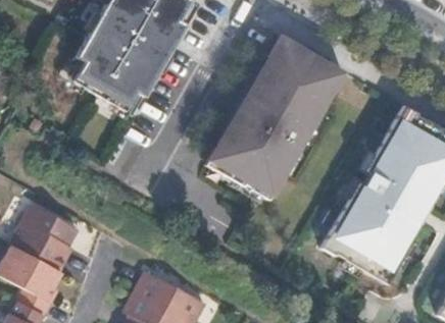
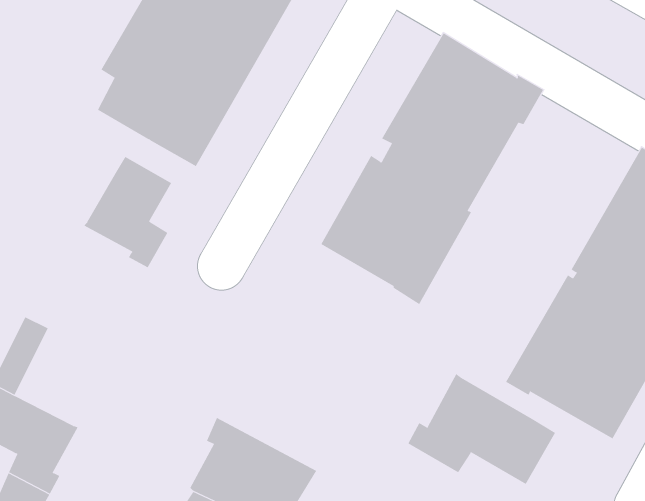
building: none -> [84,156,172,268]
building: [23,213,77,272] -> none
building: none -> [407,373,556,485]

